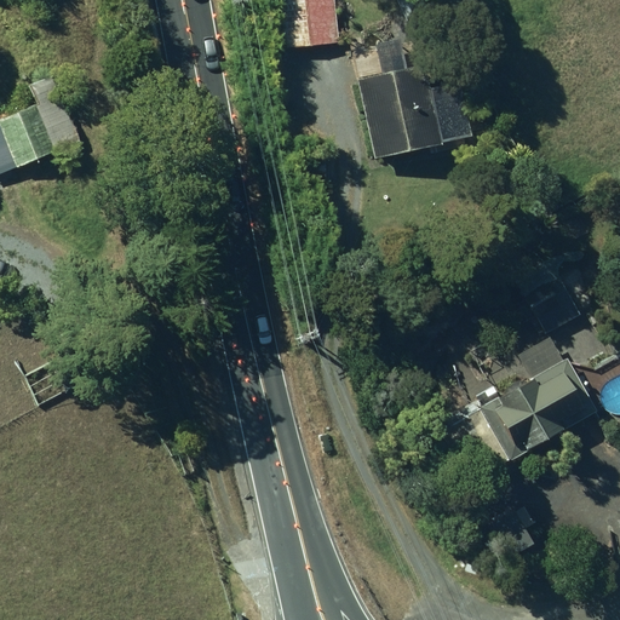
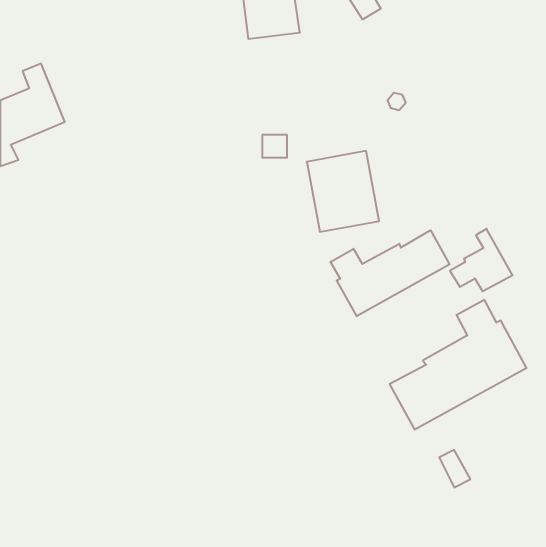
building: [360,62,441,153] -> [307,151,379,232]
building: none -> [330,230,450,316]

